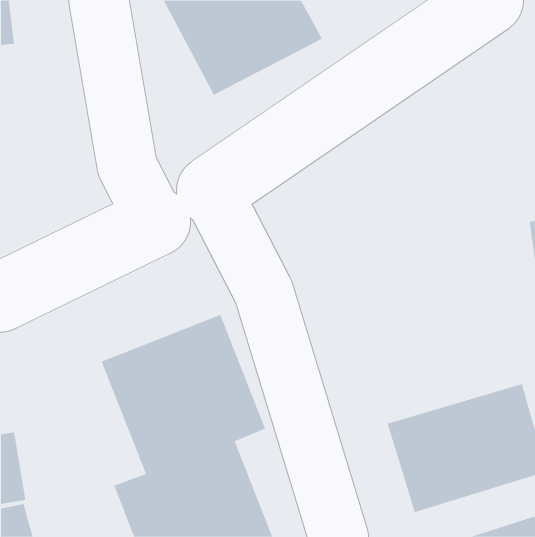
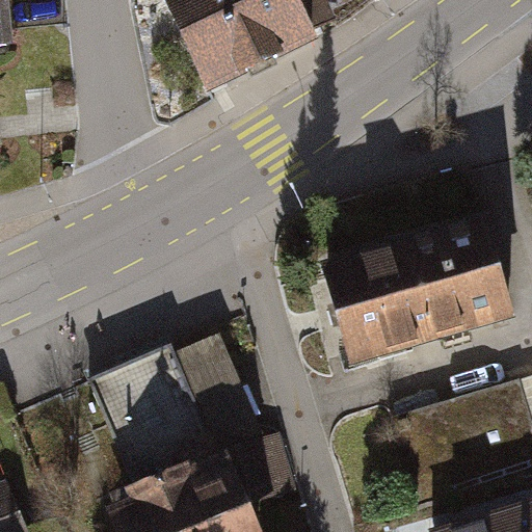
building: none -> [312,217,511,374]

